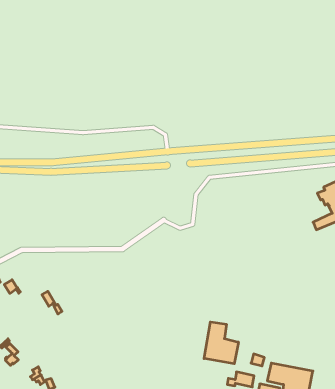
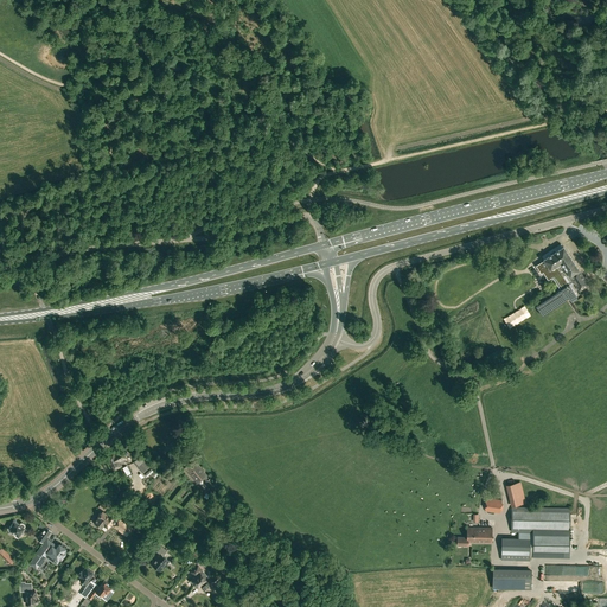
building: [204,322,238,364] -> none

